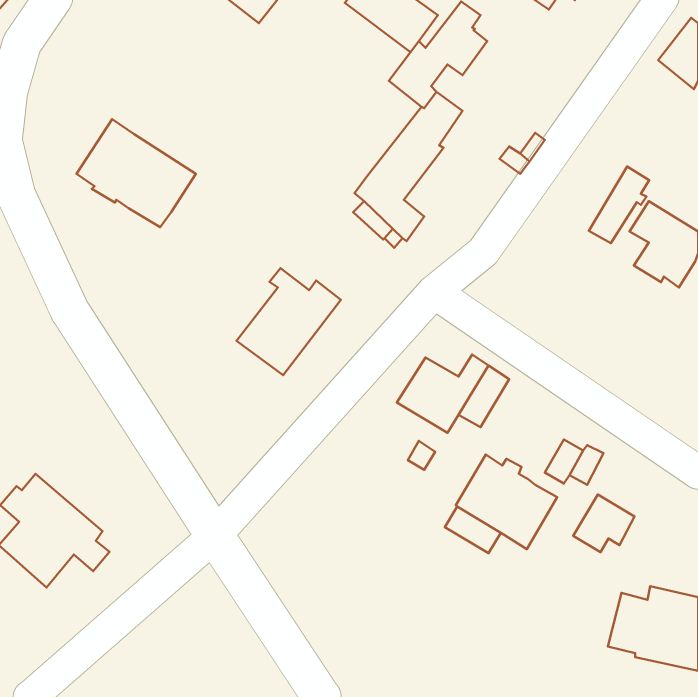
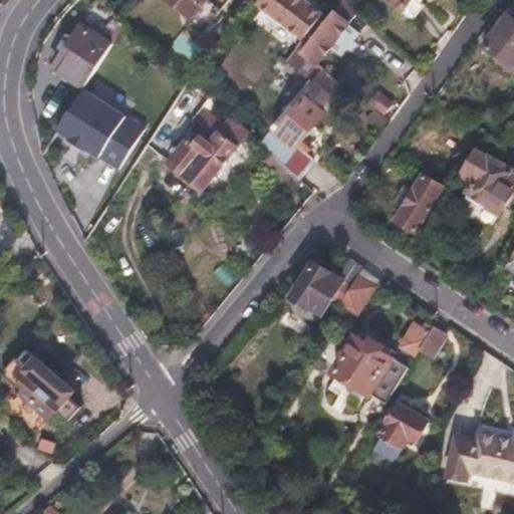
building: none -> [52,23,111,87]
building: [589,167,649,243] -> [397,174,441,230]
building: [237,268,341,375] -> [169,107,245,186]
building: [573,495,635,552] -> [380,402,426,444]

